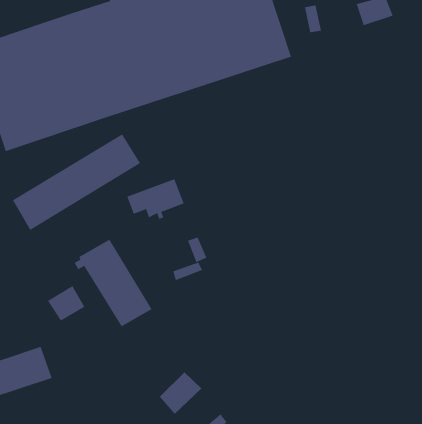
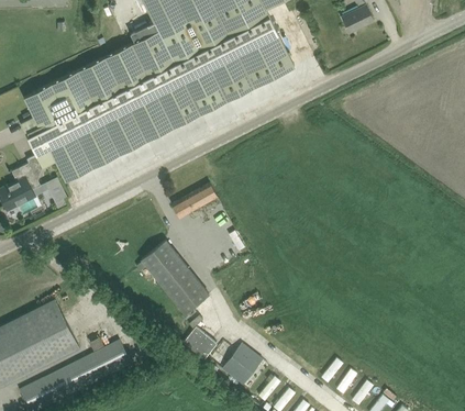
building: [12,134,141,231] -> none
building: [47,285,85,321] -> none
building: none -> [184,326,218,359]

